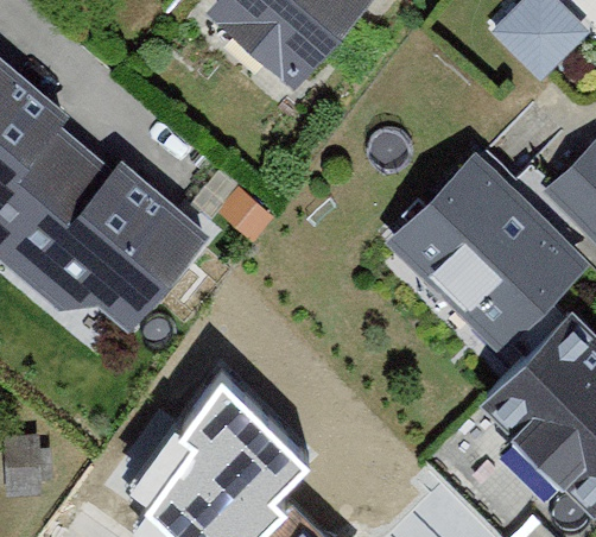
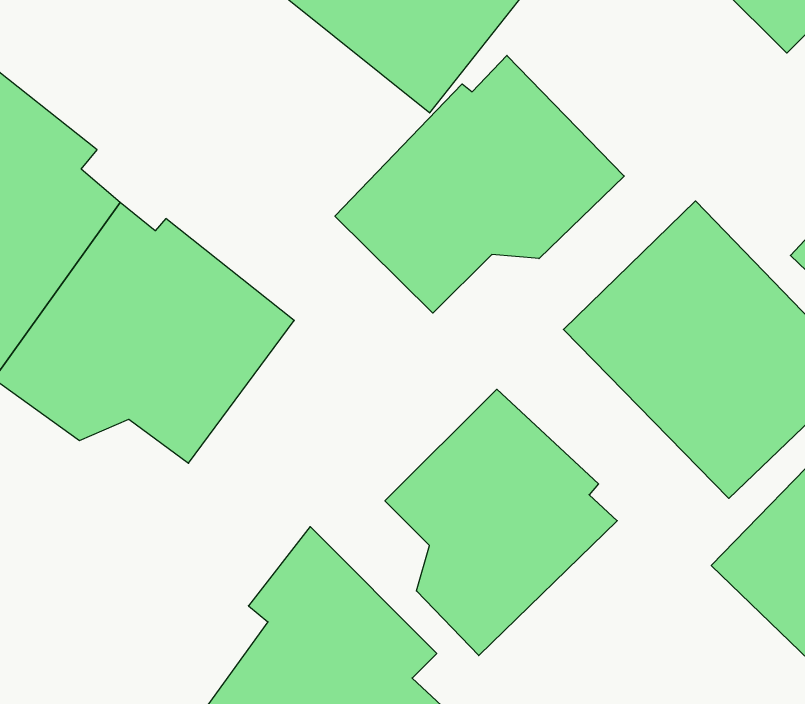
building: none -> [335,55,624,313]
building: none -> [385,389,617,656]

